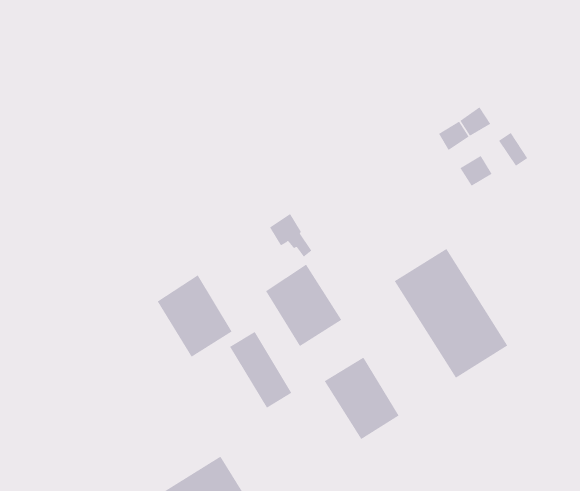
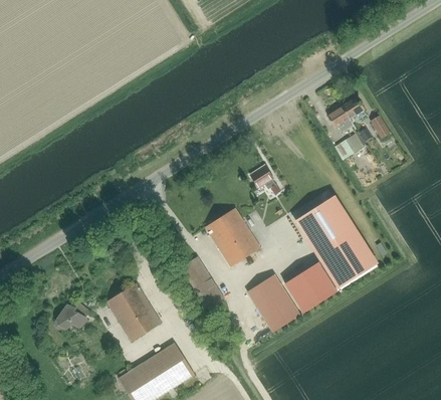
building: [269,213,312,258] -> [251,165,281,196]
building: [157,274,233,357] -> [107,282,161,341]
building: none -> [282,255,330,306]
building: none -> [55,303,89,330]

